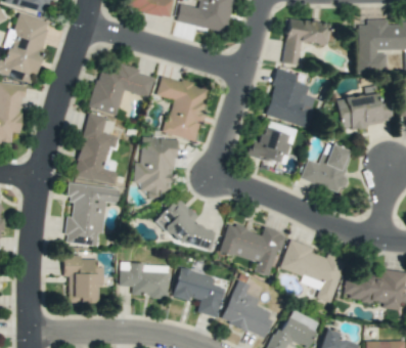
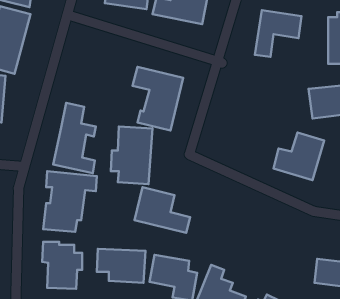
building: [89,60,155,116] -> none
building: [265,69,316,127] -> none
building: [249,127,290,164] -> none
building: [220,224,283,276] -> none
building: [280,240,348,304] -> none

